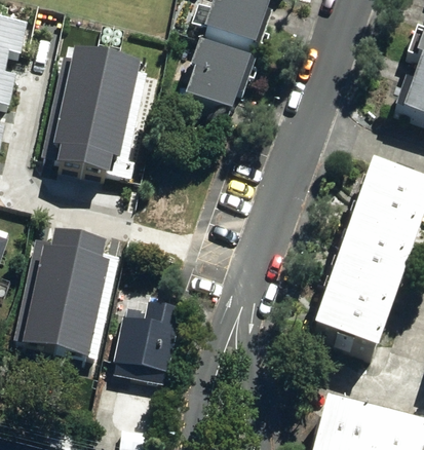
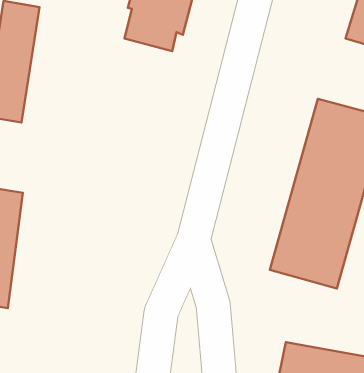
building: [80,54,140,174] -> none
building: [55,235,110,353] -> none
building: [113,298,178,379] -> none

